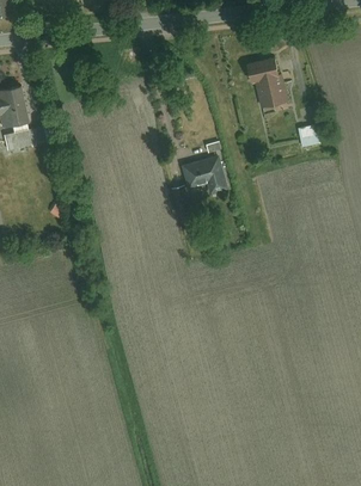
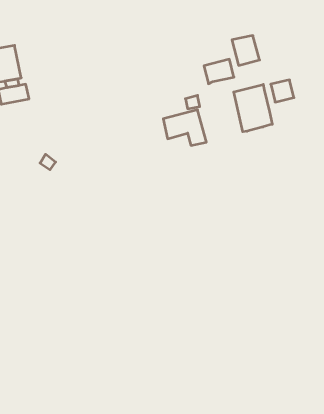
building: [247,56,280,82] -> [204,59,234,84]
building: none -> [234,84,272,132]

